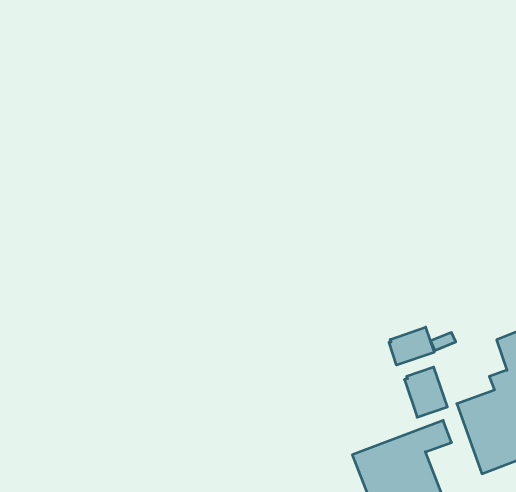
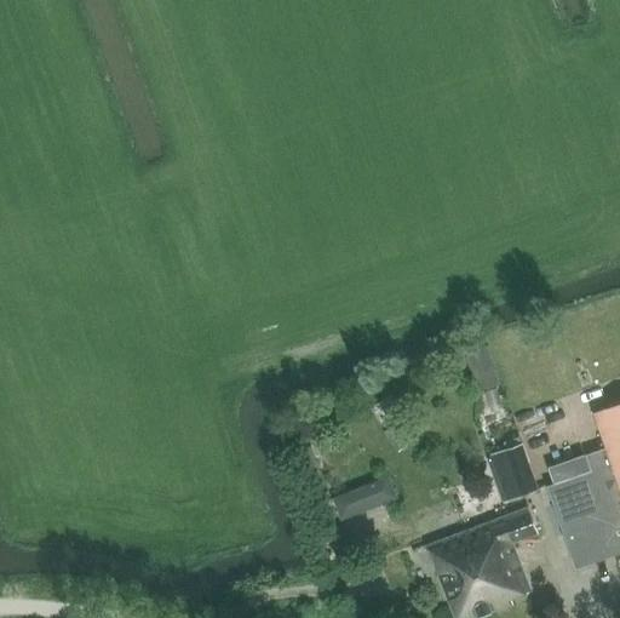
building: [389,327,434,365] -> none
building: none -> [334,477,396,517]

